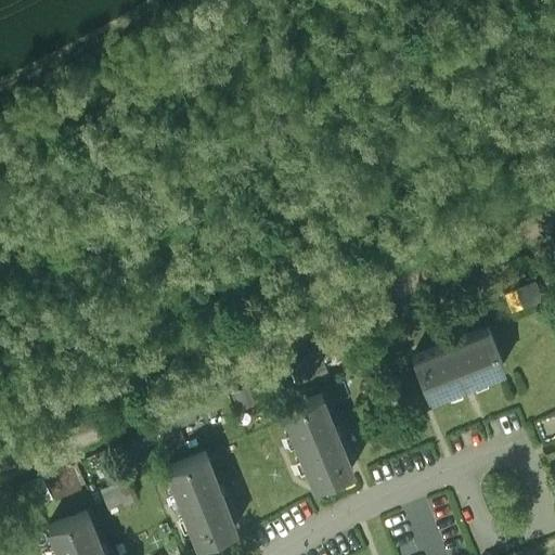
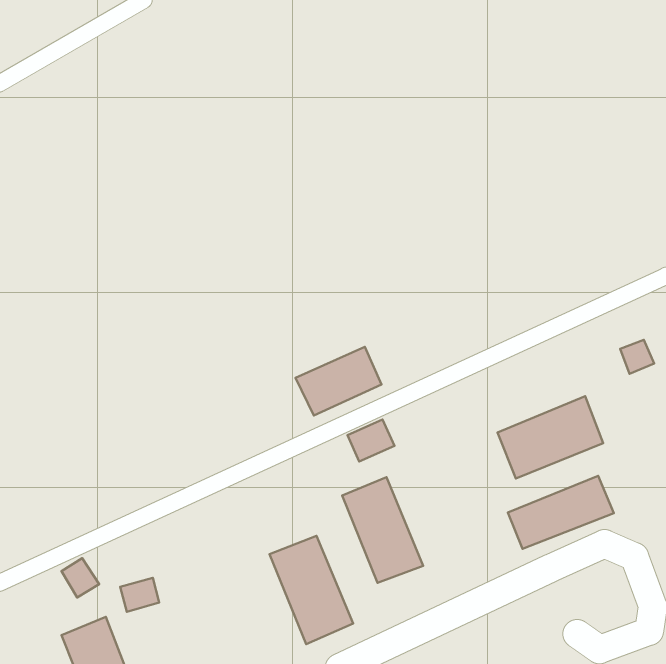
building: none -> [296,347,382,415]
building: none -> [508,476,614,549]
building: [167,456,236,546] -> [270,536,353,644]

